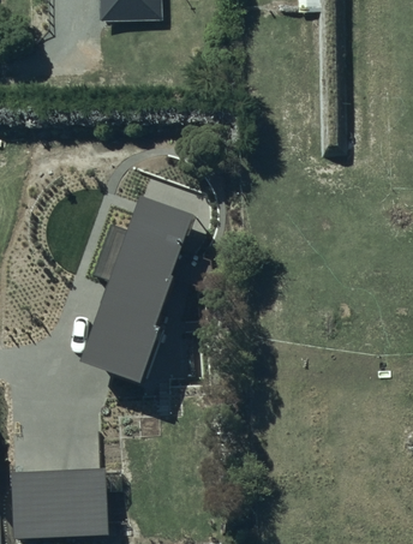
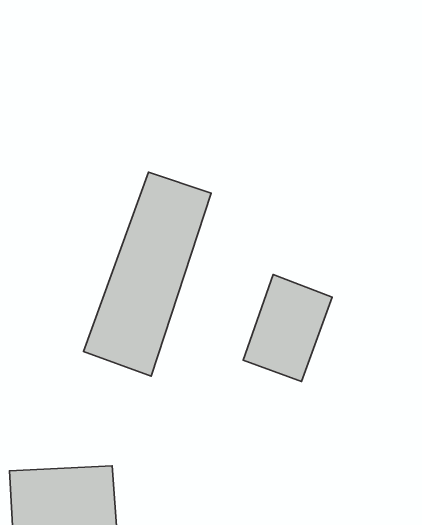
building: none -> [243,274,332,382]

